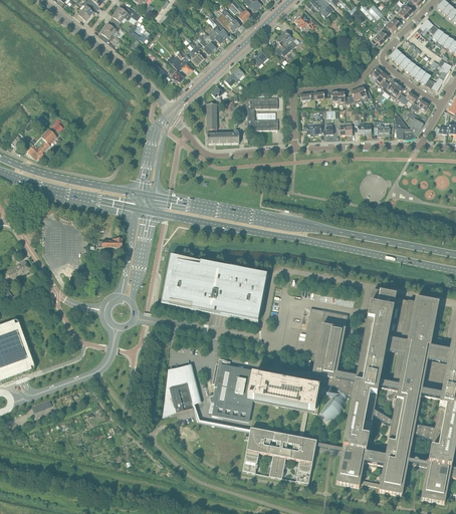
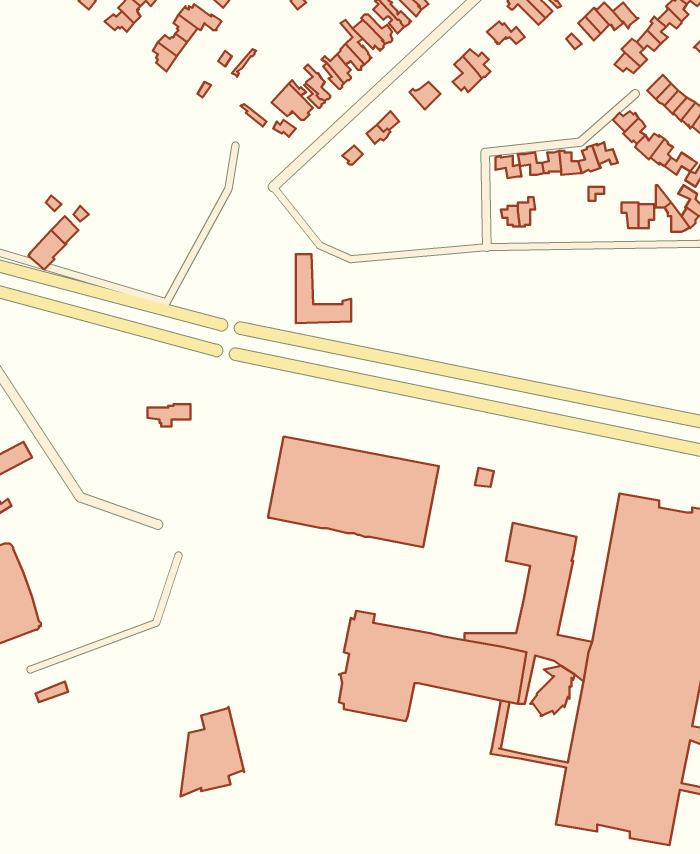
building: [247,96,278,128] -> none
building: [207,102,239,143] -> [296,254,351,323]
building: [164,362,201,415] -> [180,707,244,796]
building: [242,428,315,483] -> none

